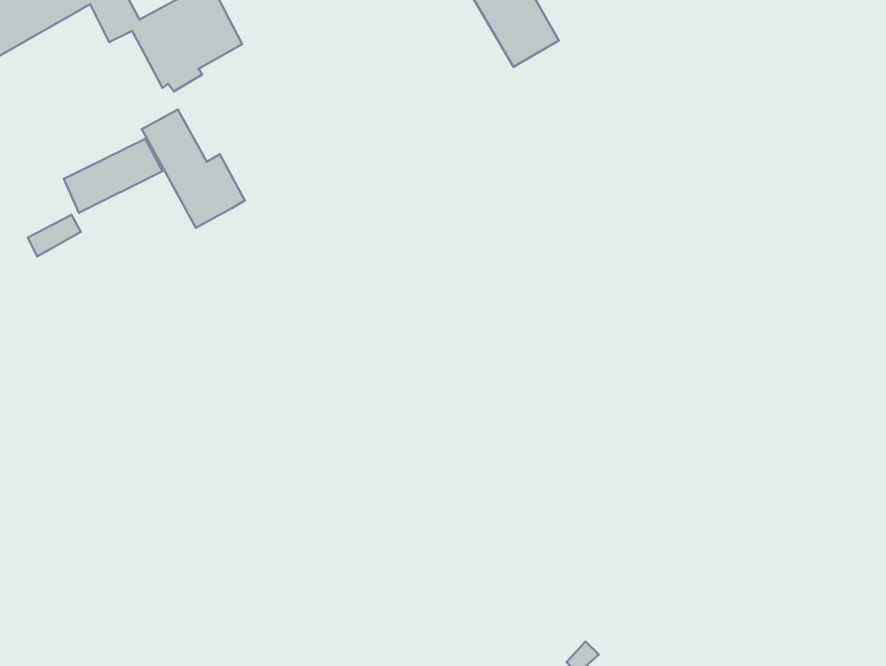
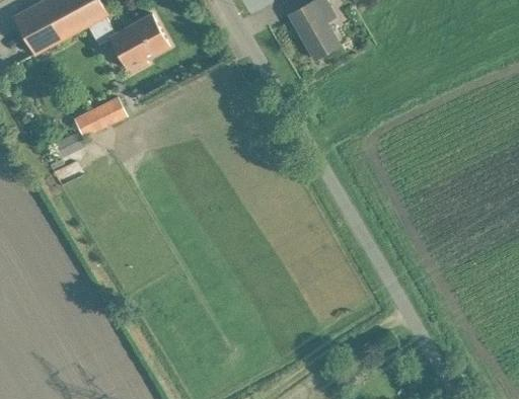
building: [142,110,245,228] -> none

